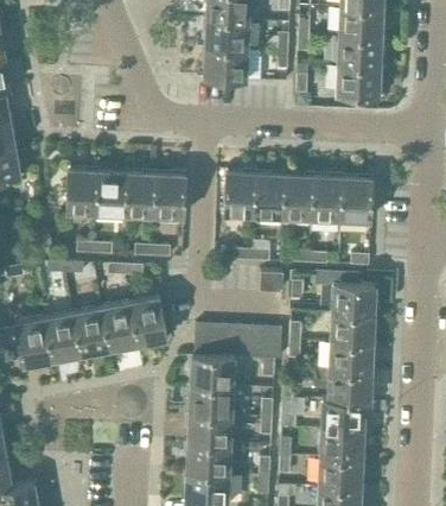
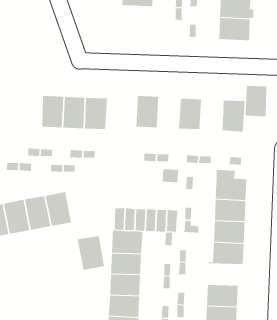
building: [204,49,248,81] -> none
building: [66,171,97,215] -> none
building: [254,173,285,217] -> none
building: [312,177,343,220] -> [245,85,267,117]
building: [129,298,167,346] -> [77,236,105,270]
building: [321,401,371,431] -> none

